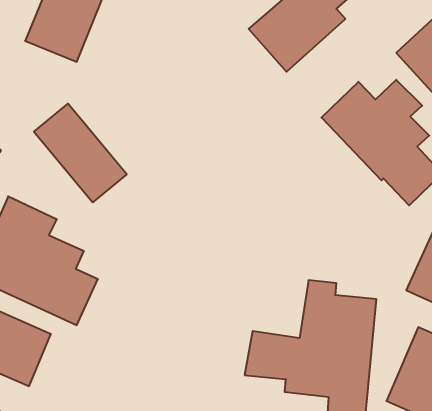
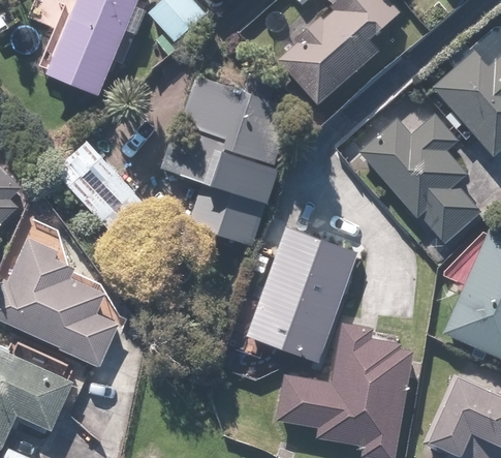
building: none -> [161,69,292,246]
building: none -> [247,218,359,361]

